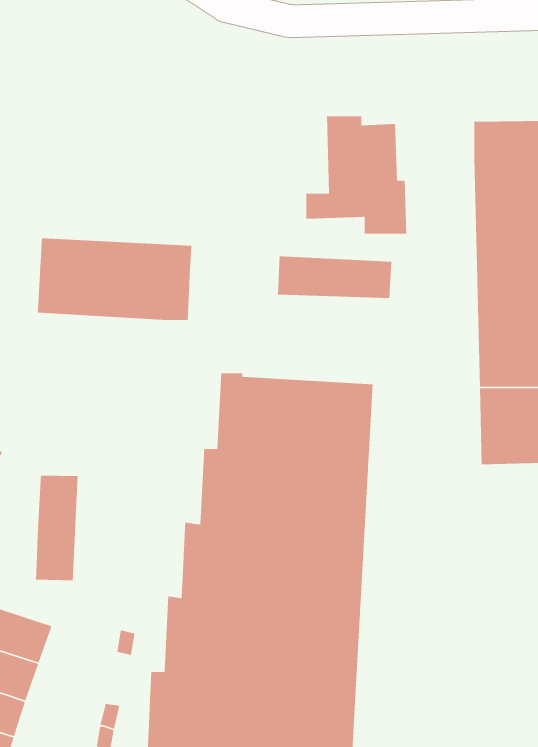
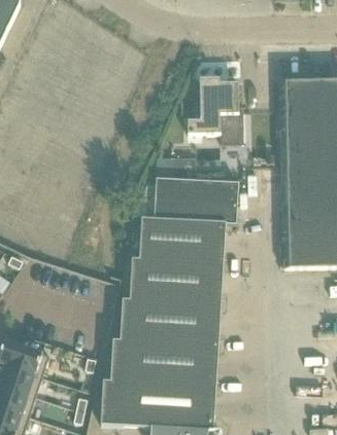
building: [37,238,192,321] -> [154,177,238,222]
building: [35,475,78,581] -> none

